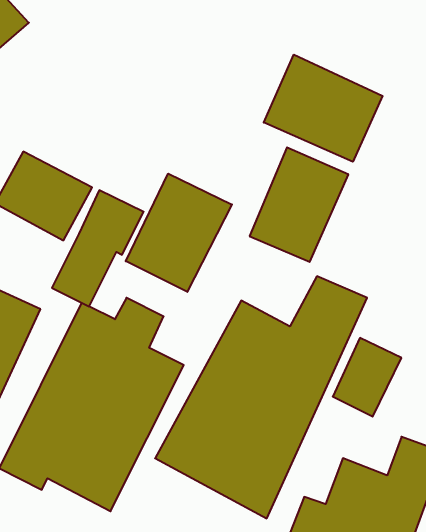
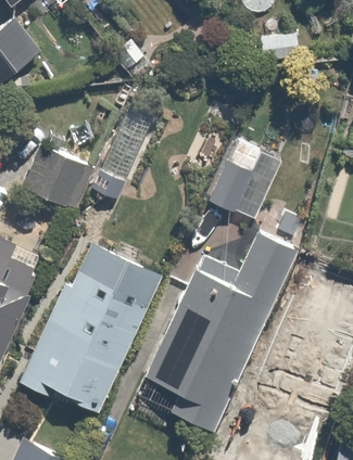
building: [264,55,383,162] -> none
building: [126,174,232,292] -> none

